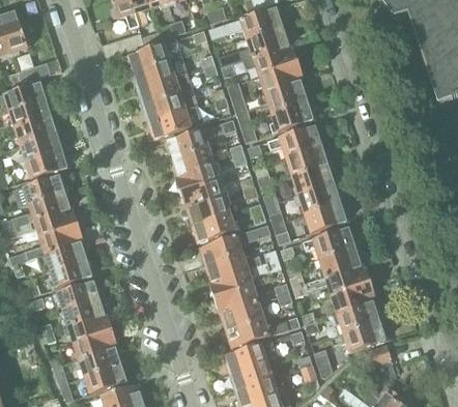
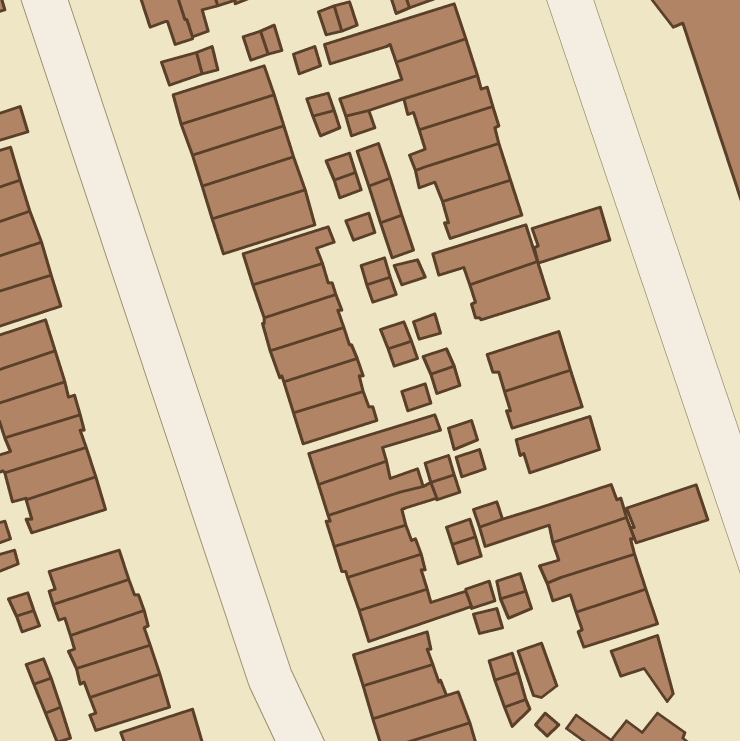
building: [293,165,335,195] -> [532,207,610,263]
building: [319,245,363,277] -> [626,485,708,543]
building: [54,283,99,311] -> none

